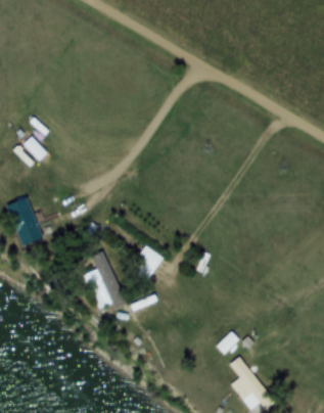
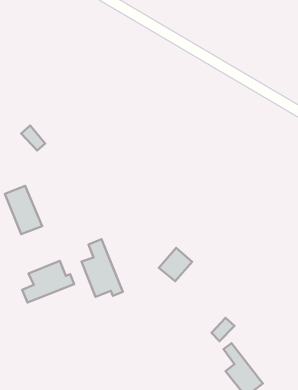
building: [131,245,165,279] -> [159,248,192,281]
building: none -> [22,261,74,303]

